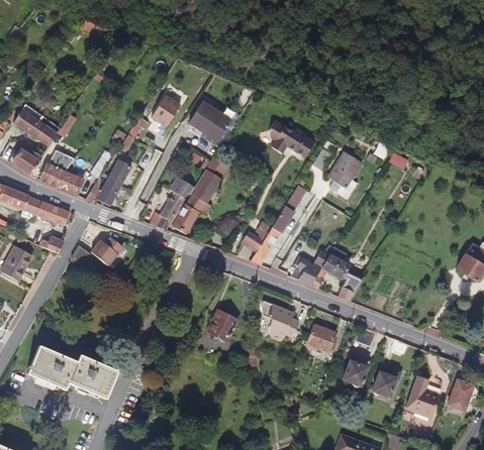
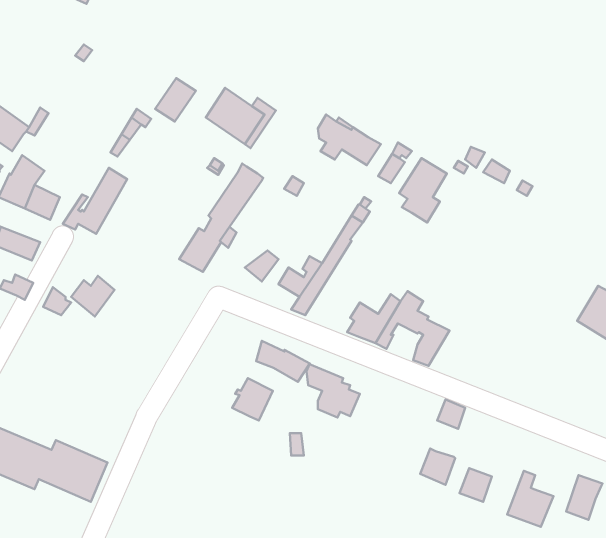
building: [150,177,194,230] -> none
building: none -> [256,341,310,382]
building: [306,325,335,352] -> none

